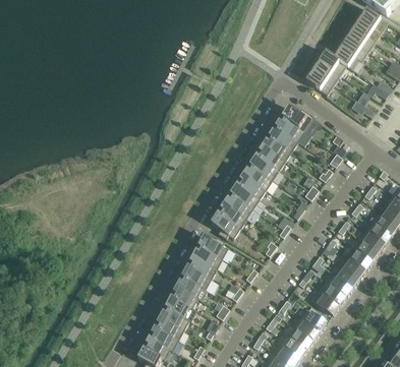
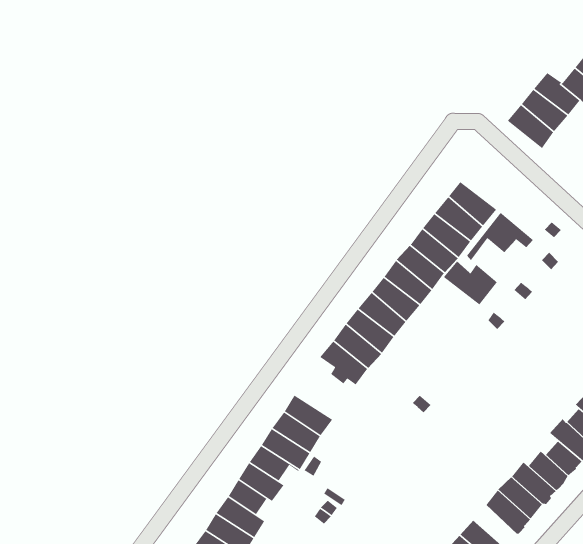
building: [281,106,312,130] -> [443,260,498,306]
building: [197,234,227,257] -> none

